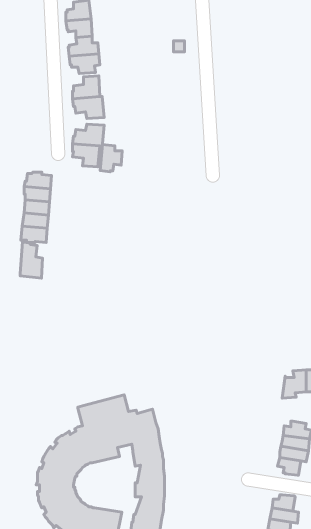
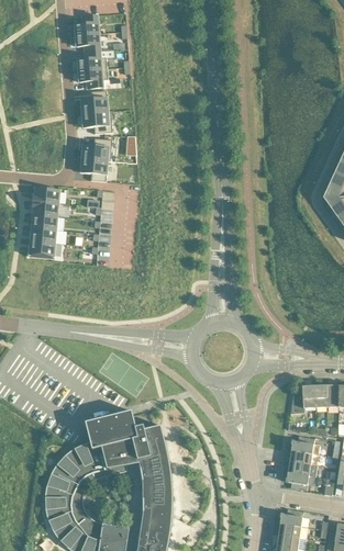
building: [100,145,122,172] -> none
building: [20,242,43,278] -> none

